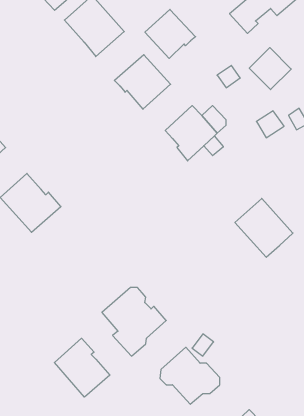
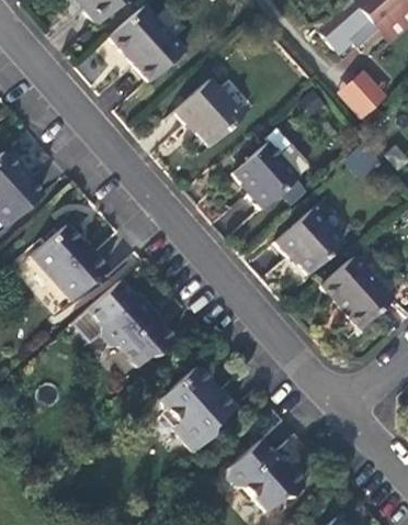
building: [145,9,196,58] -> none
building: none -> [277,209,344,275]
building: none -> [75,279,175,366]
building: [54,338,110,397] -> none

